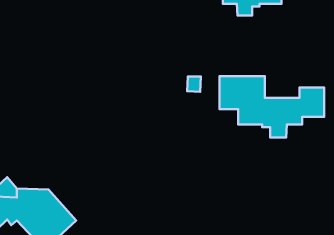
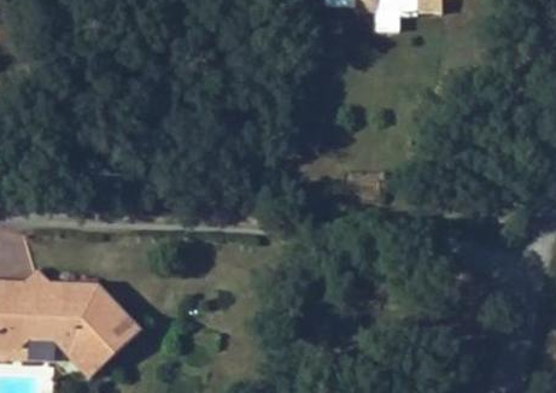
building: [219,76,324,138] -> none

